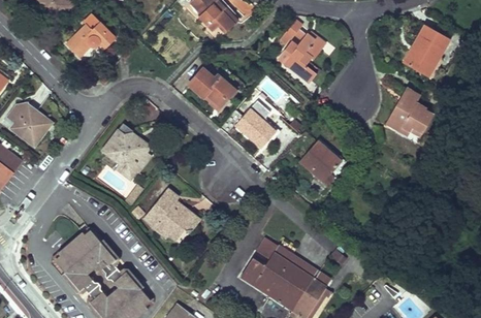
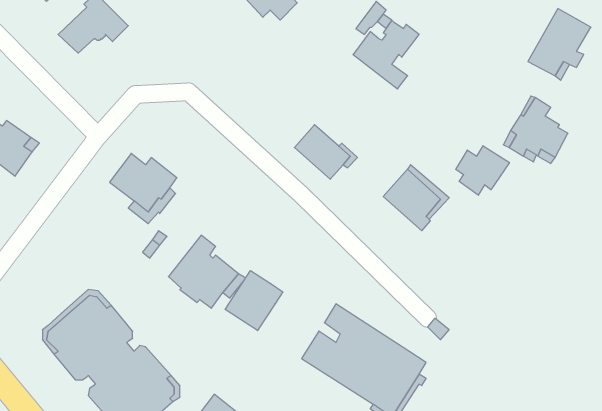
building: [188,67,235,107] -> none
building: none -> [456,146,509,195]
building: none -> [225,271,283,331]

